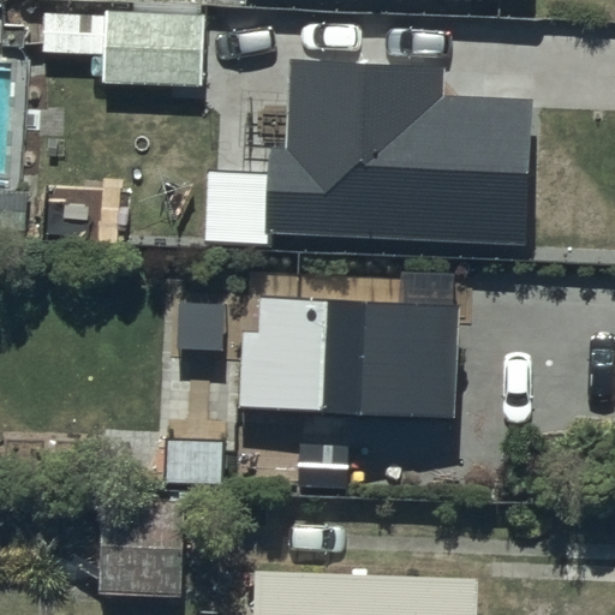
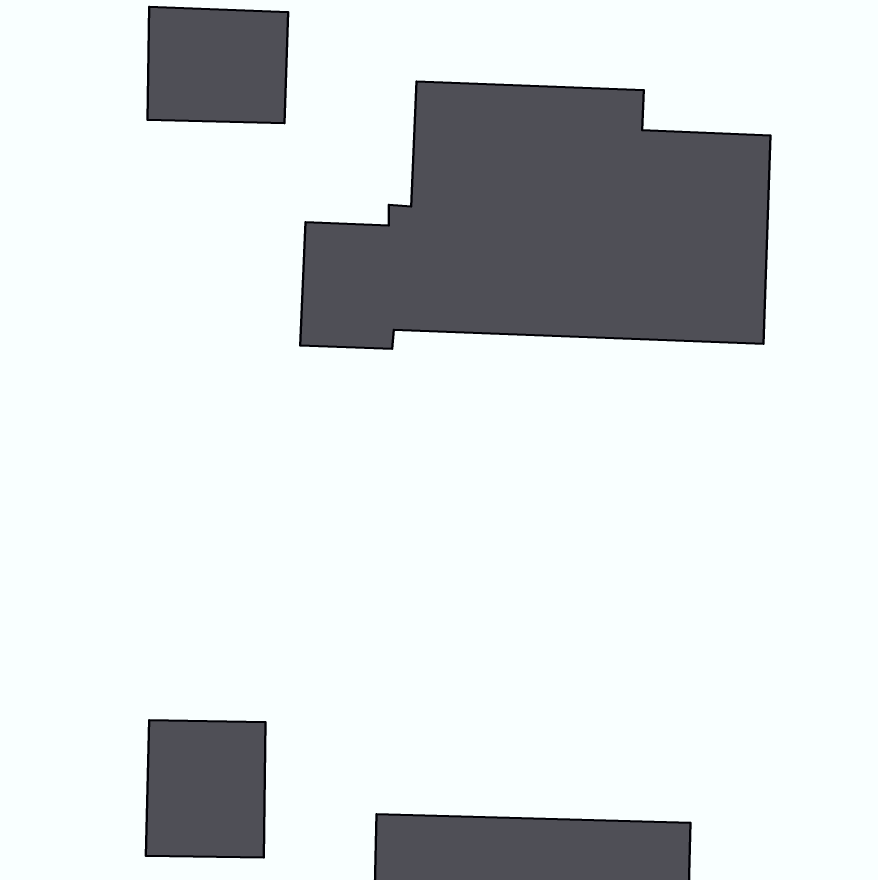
building: [234,301,452,420] -> none

